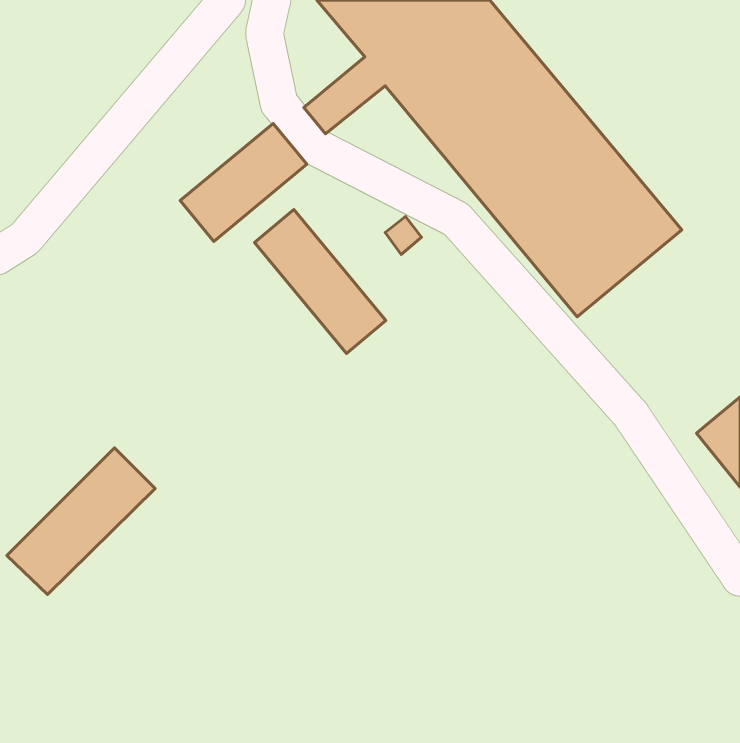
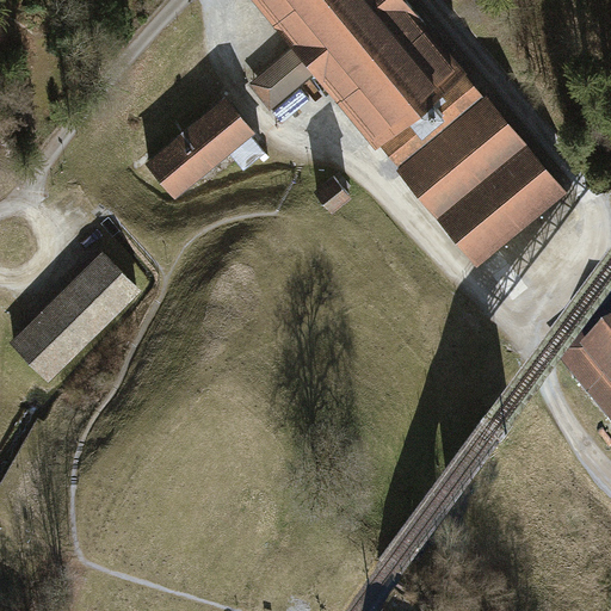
building: [255,210,386,353] -> none
building: [7,448,155,595] -> [11,255,132,376]

